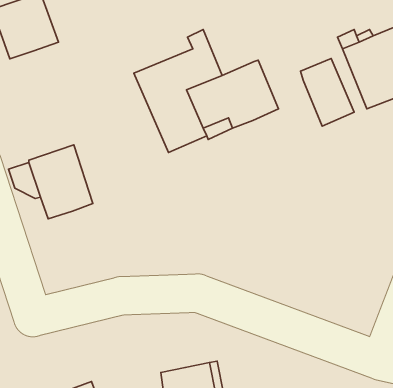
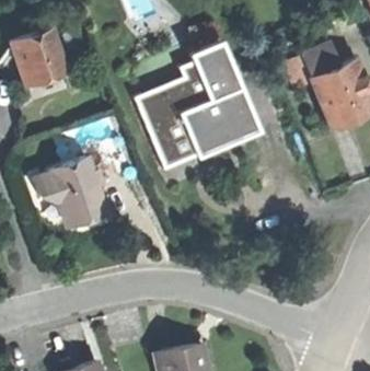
building: [300,58,354,126] -> [190,40,236,98]

